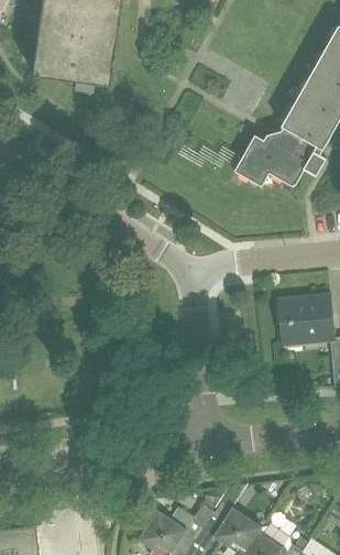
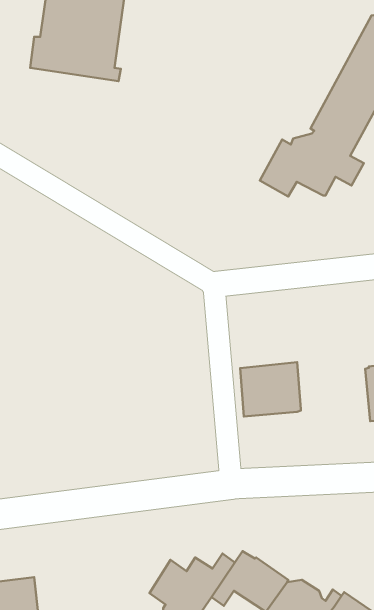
building: [279,296,333,345] -> [240,362,301,417]

